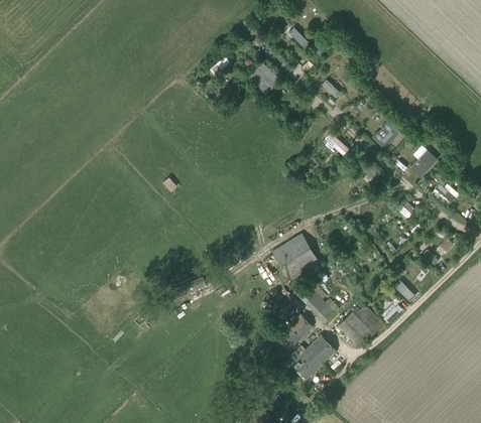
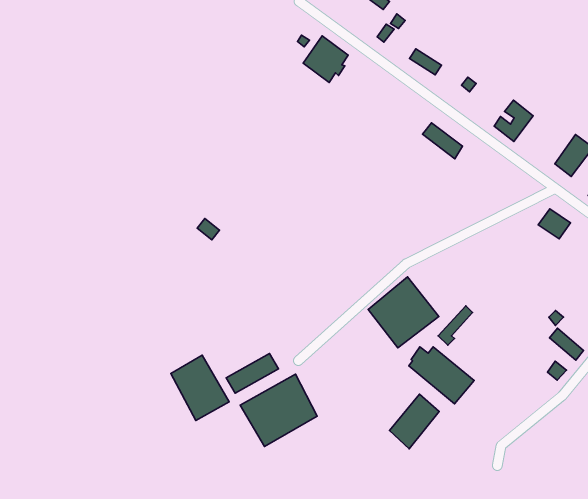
building: none -> [171,355,229,420]
building: none -> [240,374,317,446]
building: [339,305,383,347] -> none
building: [290,334,336,378] -> none

